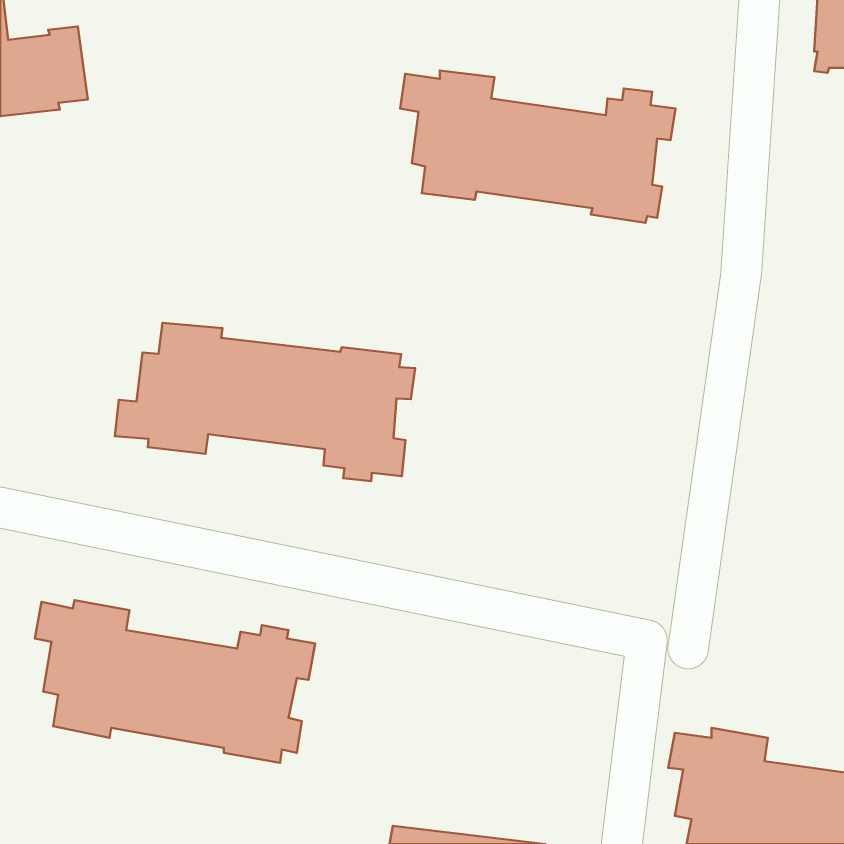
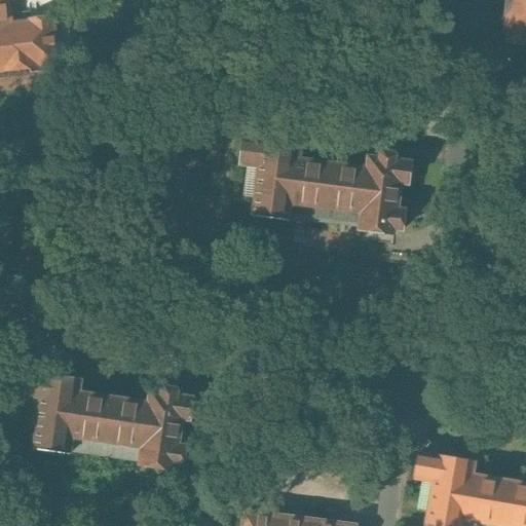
building: [400,70,675,223] -> [240,142,411,236]
building: [115,323,415,481] -> none

